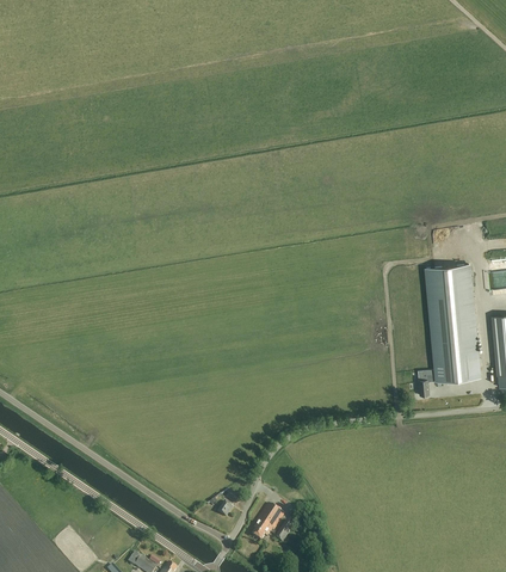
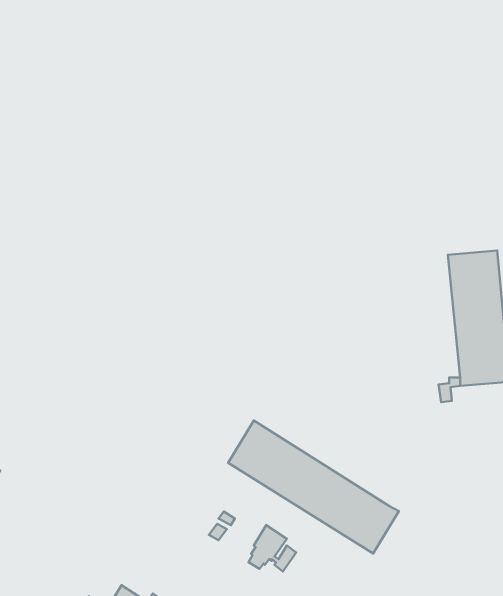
building: none -> [228,421,399,554]

